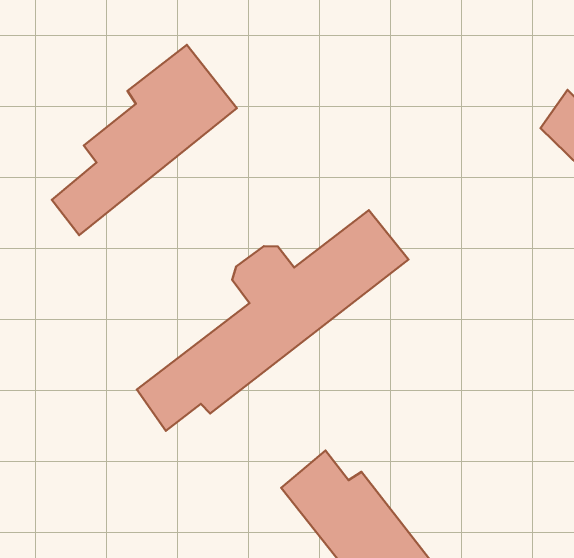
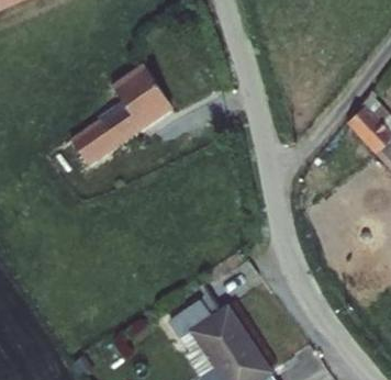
building: [137,210,408,431] -> none

